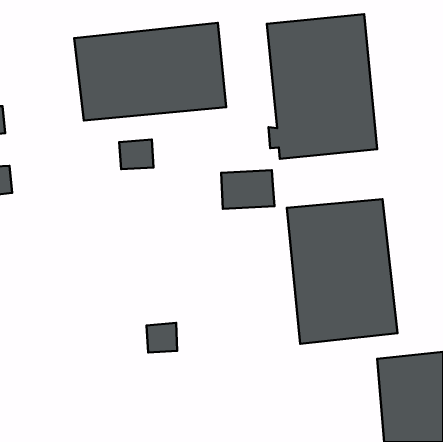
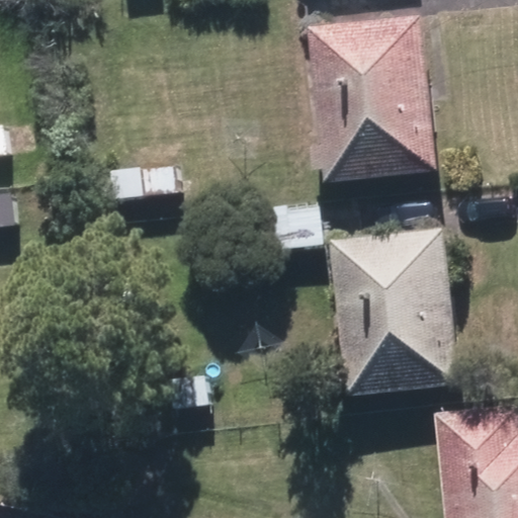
building: [74,23,226,121] -> none

